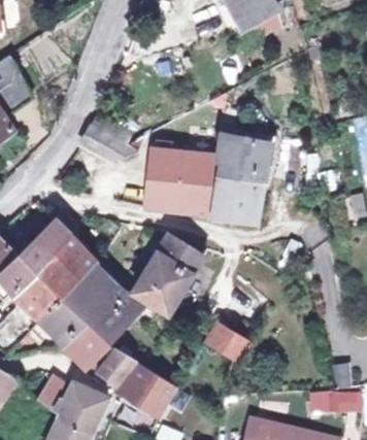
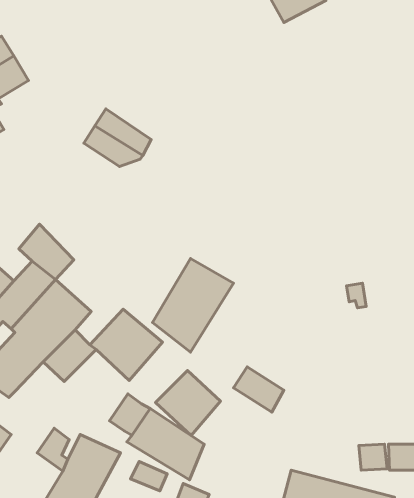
building: [149,130,272,216] -> none
building: [55,238,99,281] -> none
building: [62,313,116,368] -> [155,370,220,436]

